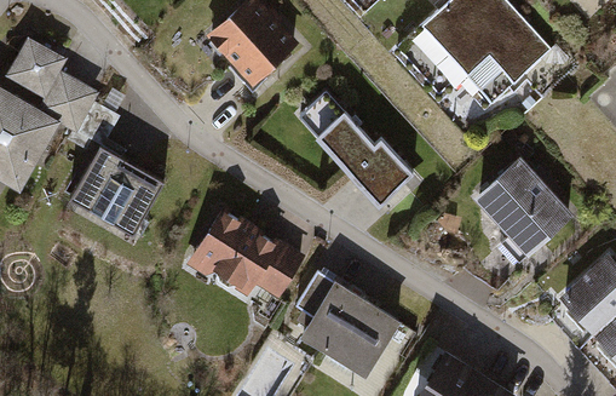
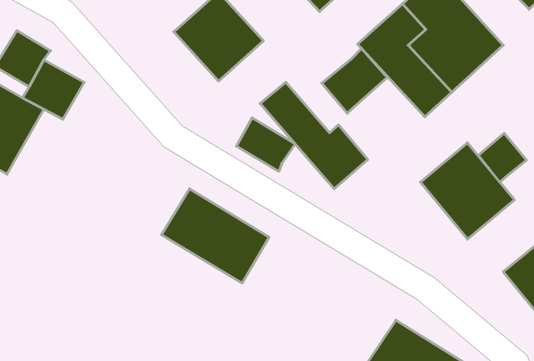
building: none -> [322,48,387,113]
building: none -> [236,118,295,171]
building: [64,143,166,237] -> none
building: none -> [479,133,526,182]
building: [294,270,399,377] -> none

